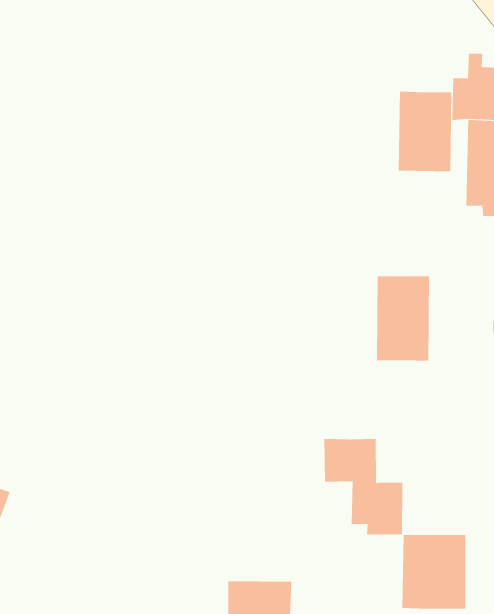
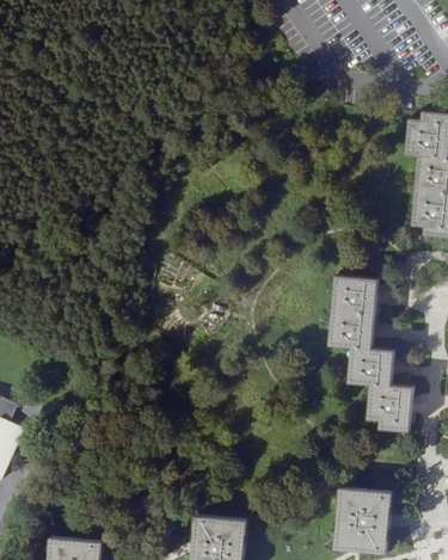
building: [398,91,452,172] -> none
building: [324,438,403,535] -> [348,346,412,430]

